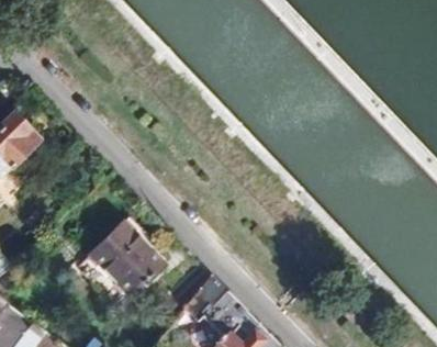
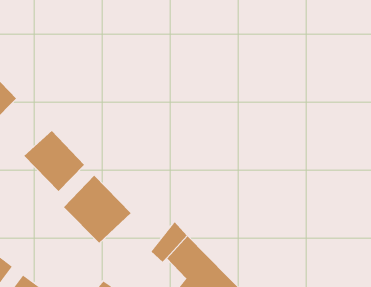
building: none -> [24,130,85,192]

